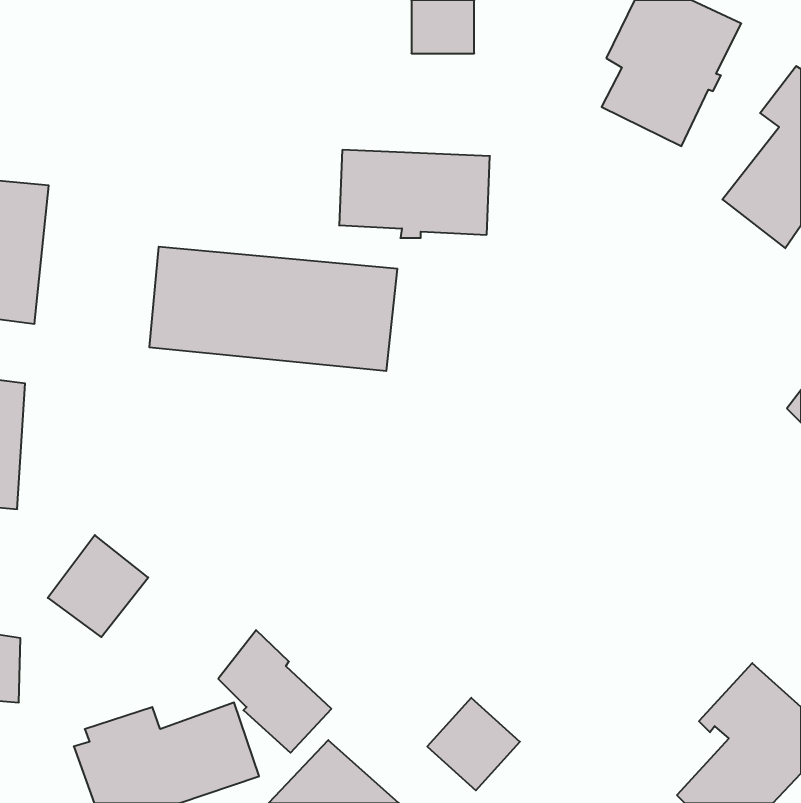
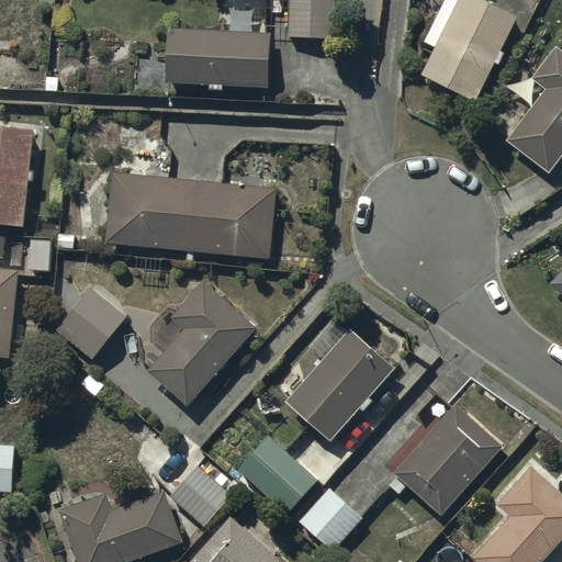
building: [339,150,490,238] -> [166,29,271,90]
building: none -> [147,281,256,405]
building: none -> [286,319,396,441]
building: [48,535,148,637] -> [56,288,126,359]
building: none -> [393,403,502,516]
building: none -> [237,435,317,513]

